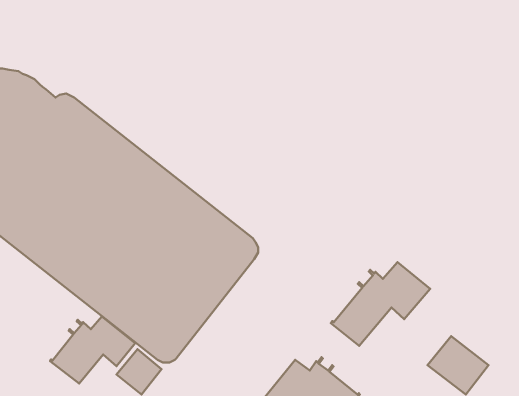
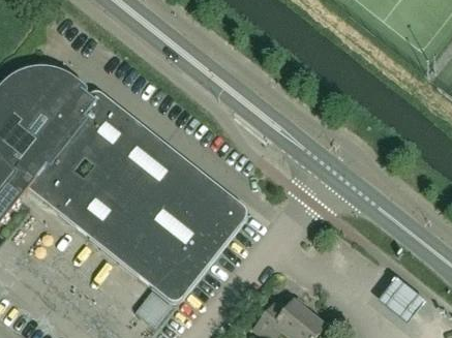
building: [331,262,430,346] -> none
building: [50,317,135,384] -> none

